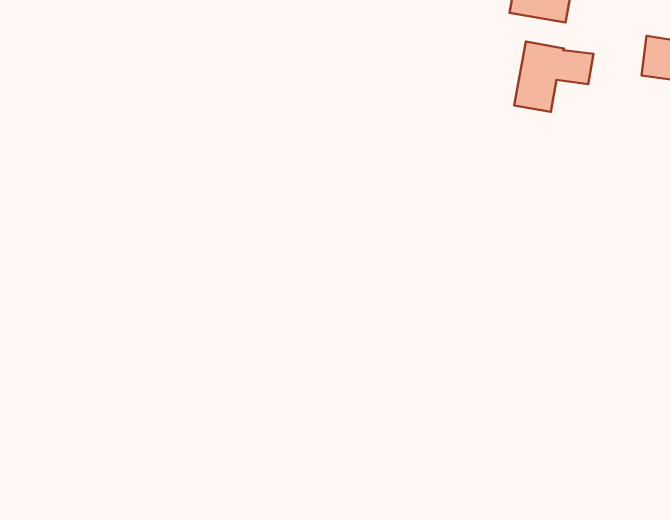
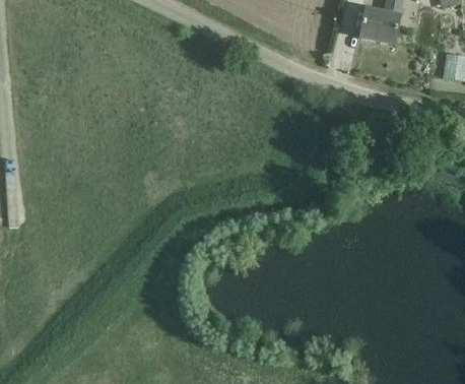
building: [514,42,594,112] -> none

